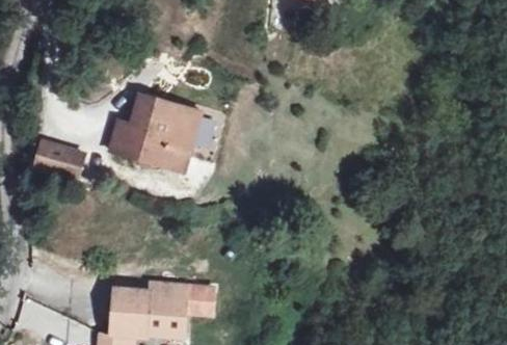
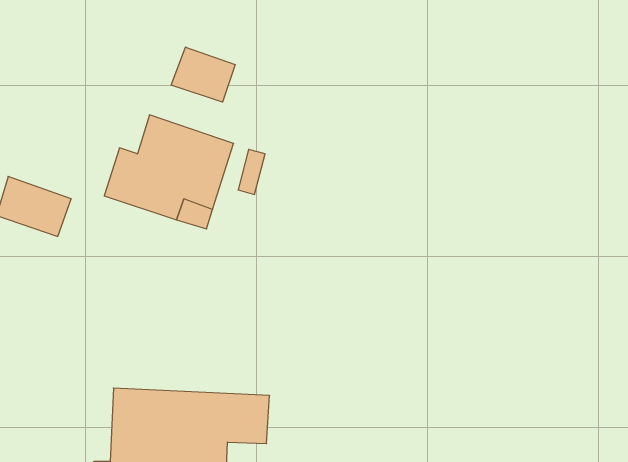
building: none -> [171,47,235,102]

